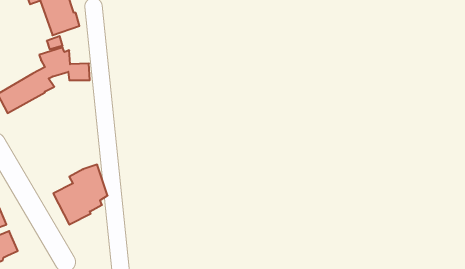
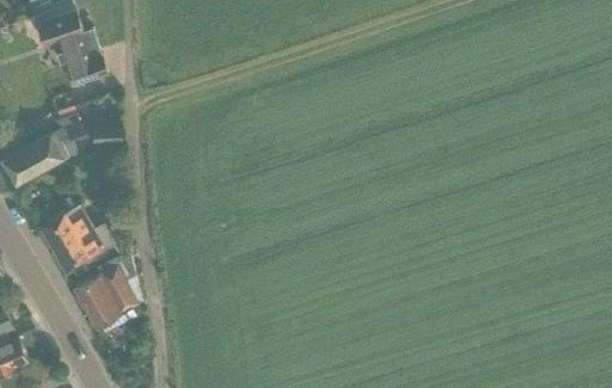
building: none -> [38,207,115,273]

